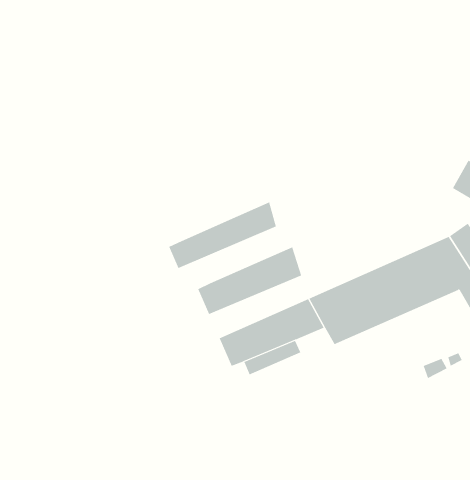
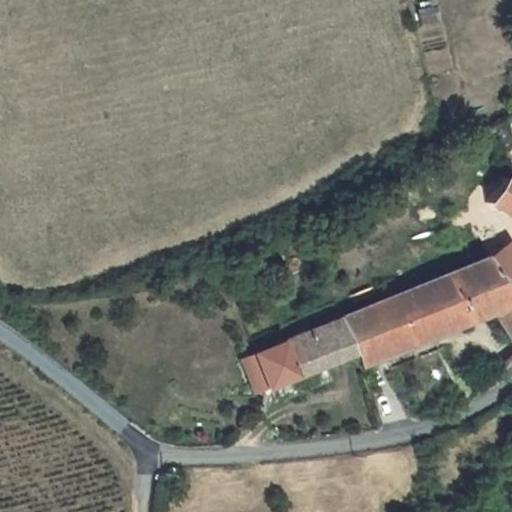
building: [169,201,277,269] -> none
building: [198,246,302,315] -> none

